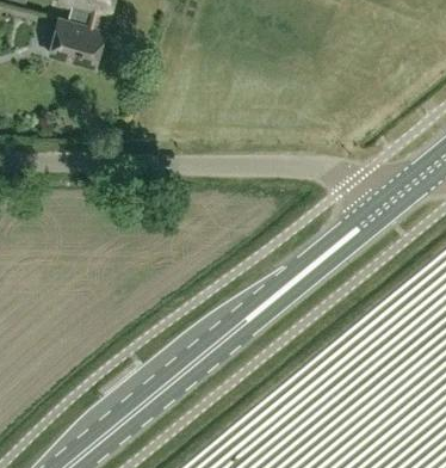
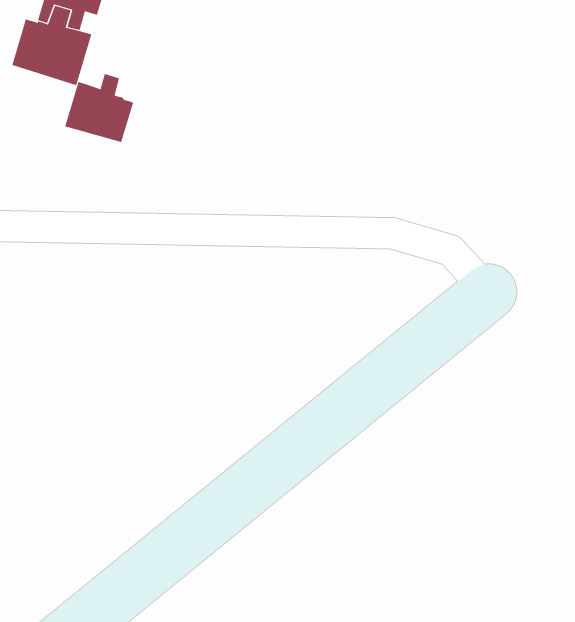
building: none -> [64,73,134,143]

